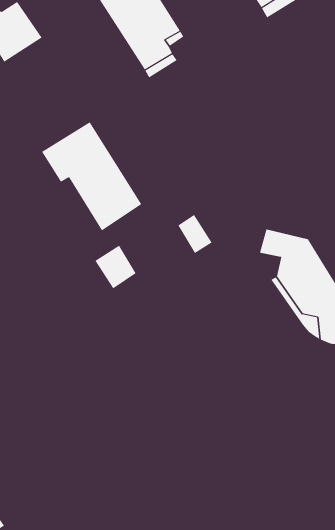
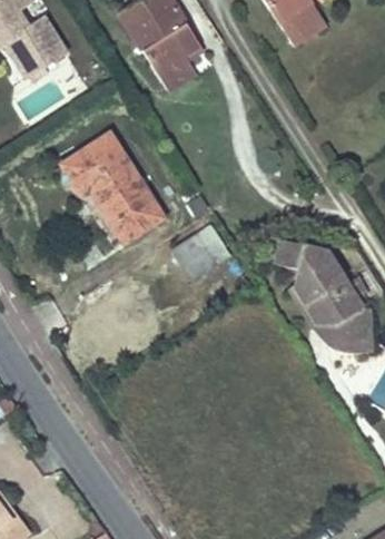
building: [95,245,137,289] -> [174,236,215,280]

